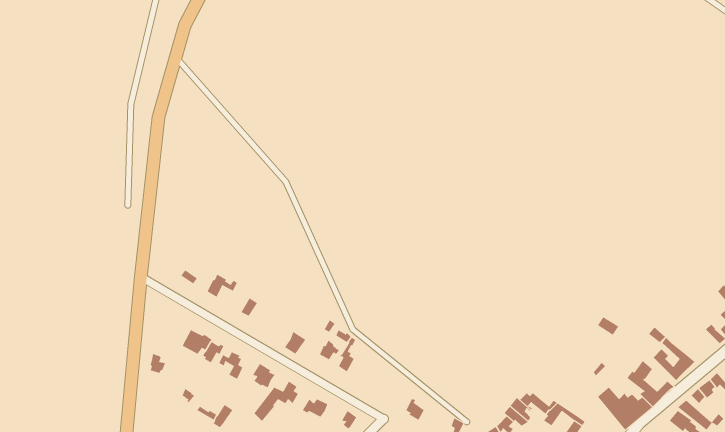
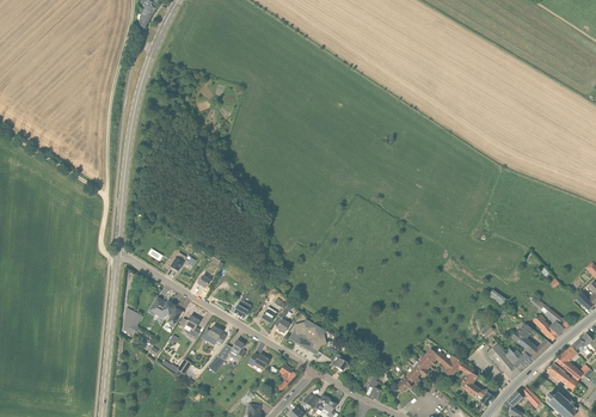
building: none -> [289,318,326,354]

